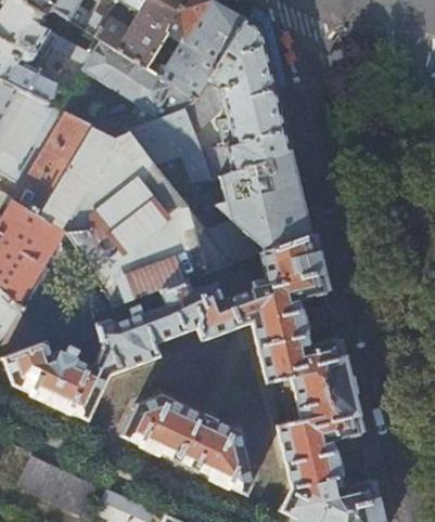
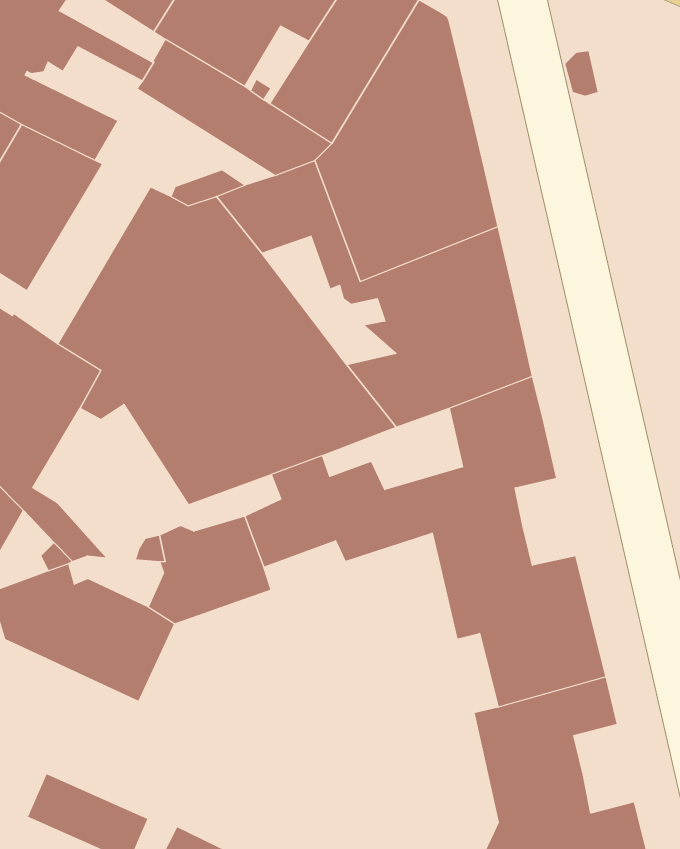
building: [15,112,93,214] -> none
building: [121,394,254,495] -> none

